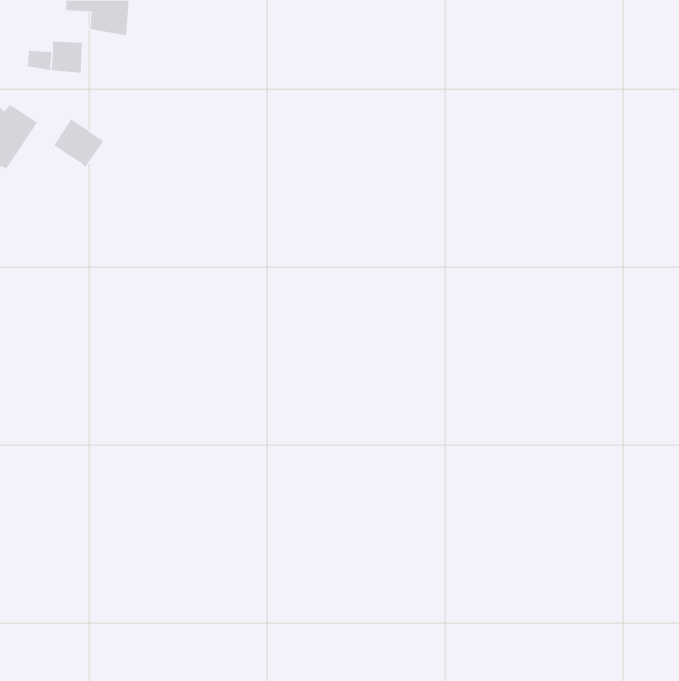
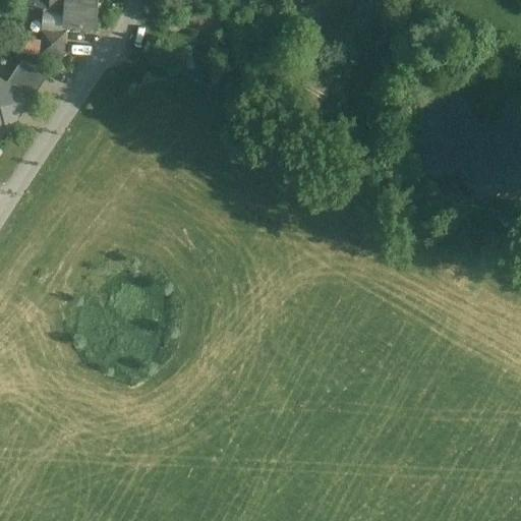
building: none -> [40,7,69,34]
building: [53,118,104,168] -> [7,59,46,97]

